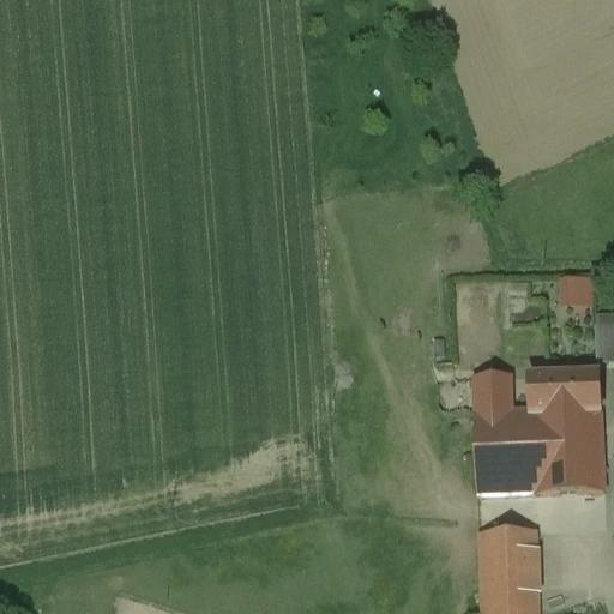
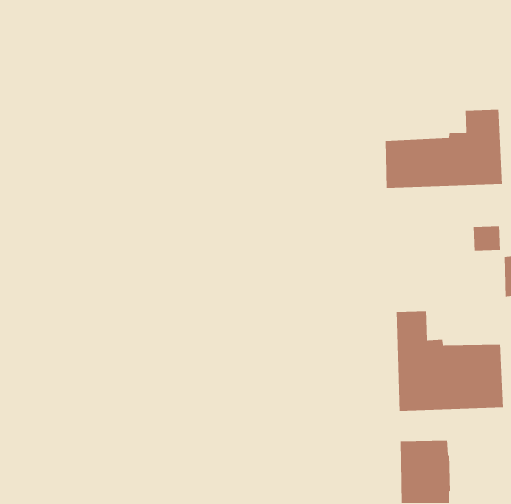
building: none -> [385,109,503,189]
building: [531,369,601,413] -> none

